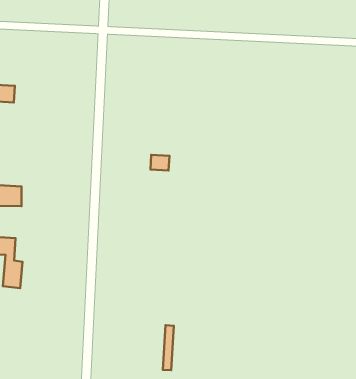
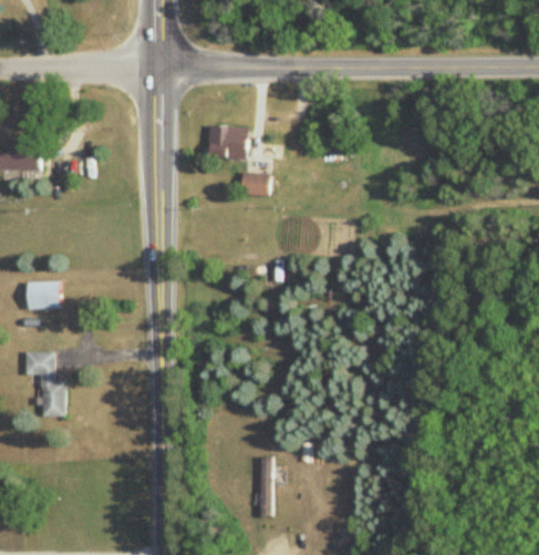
building: none -> [208,126,247,157]
building: [150,155,169,171] -> [242,174,267,194]

